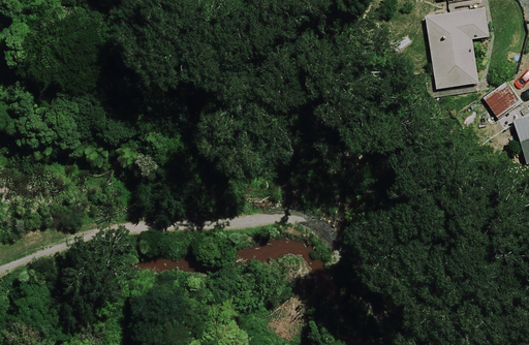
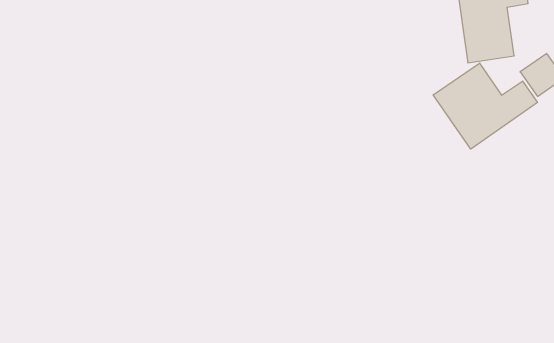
building: none -> [433,63,537,149]

